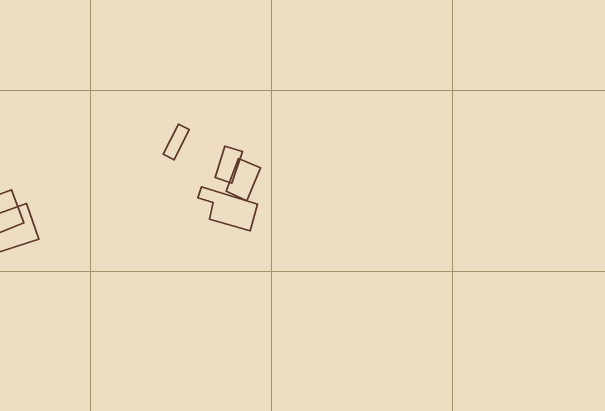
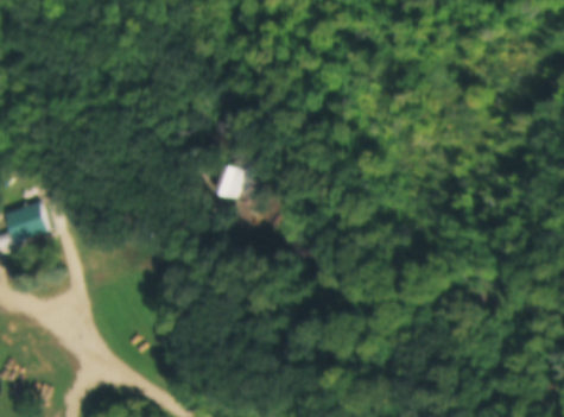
building: [198,187,258,231] -> none

